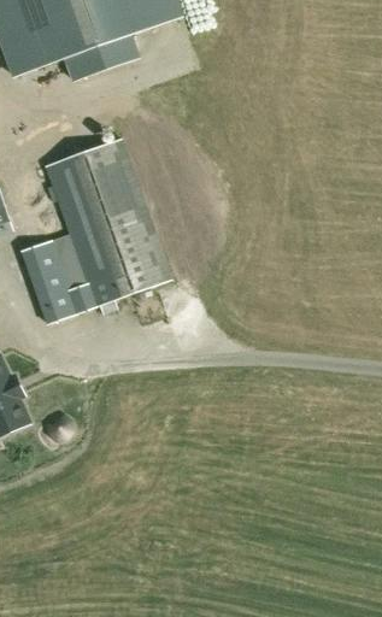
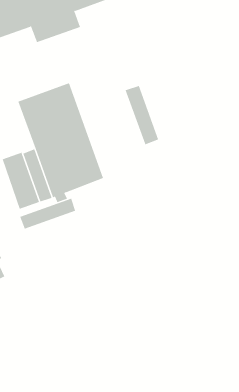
building: none -> [125,85,159,145]
building: none -> [20,198,76,229]

